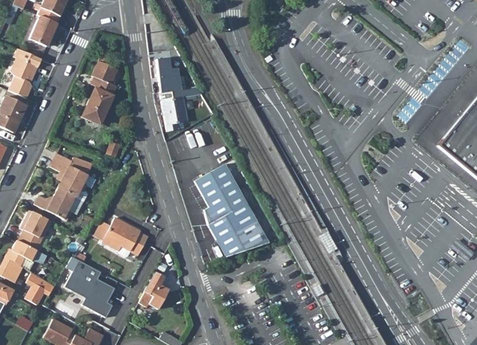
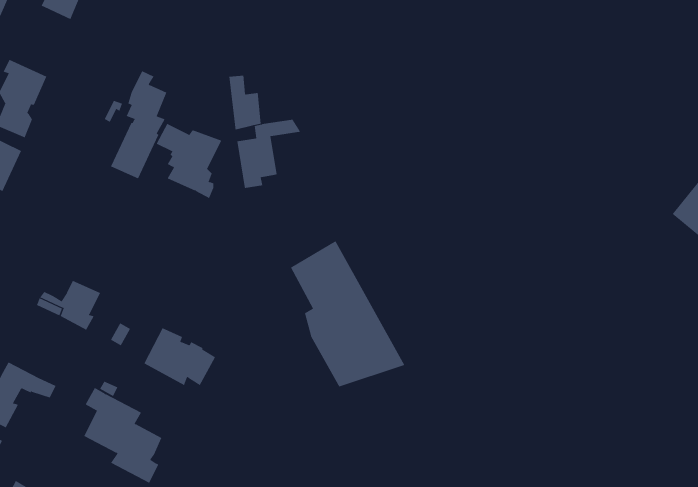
building: [28,15,56,47] -> none
building: [50,153,92,201] -> [156,123,222,199]
building: [17,210,51,250] -> none
building: [25,272,54,304] -> none
building: [138,273,168,309] -> none

